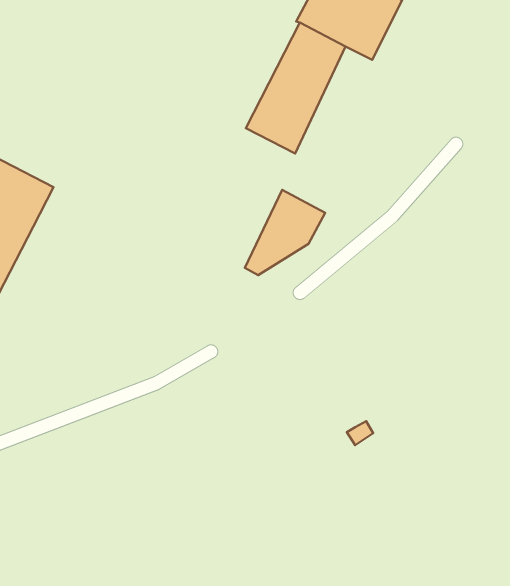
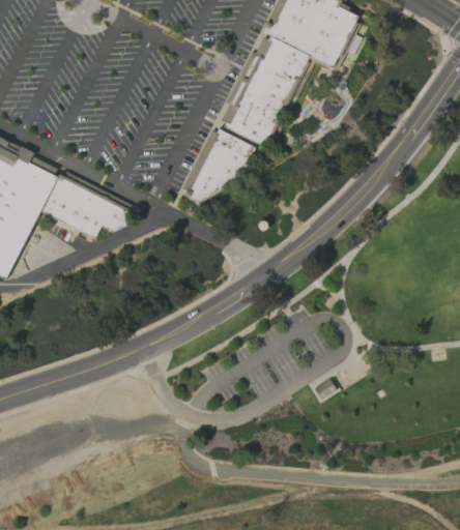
building: none -> [40,177,132,239]
building: [245,190,325,275] -> [186,128,256,202]

